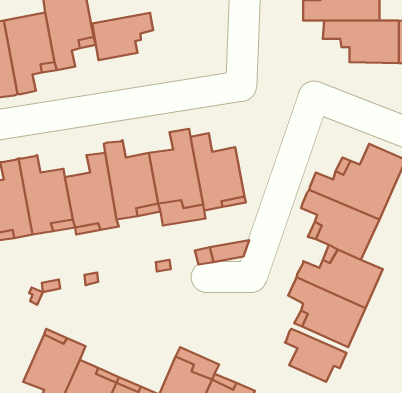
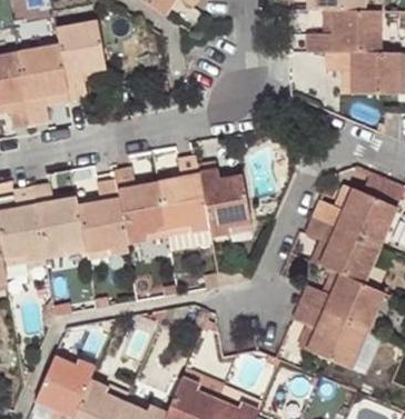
building: [92,13,153,60] -> none
building: [285,329,346,382] -> none

